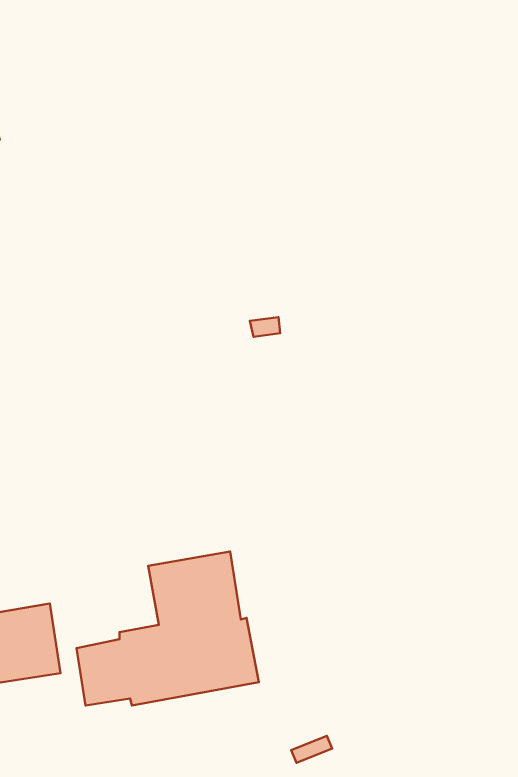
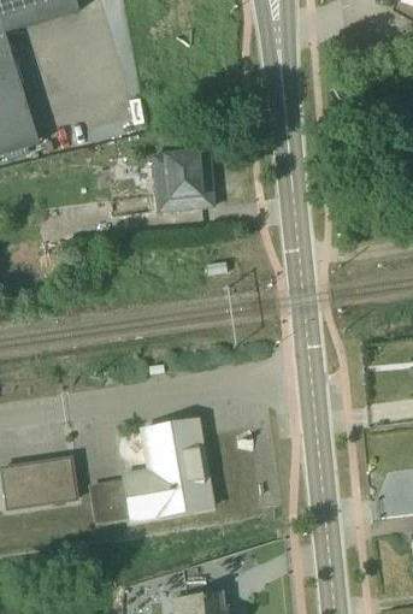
building: none -> [152,149,213,211]

